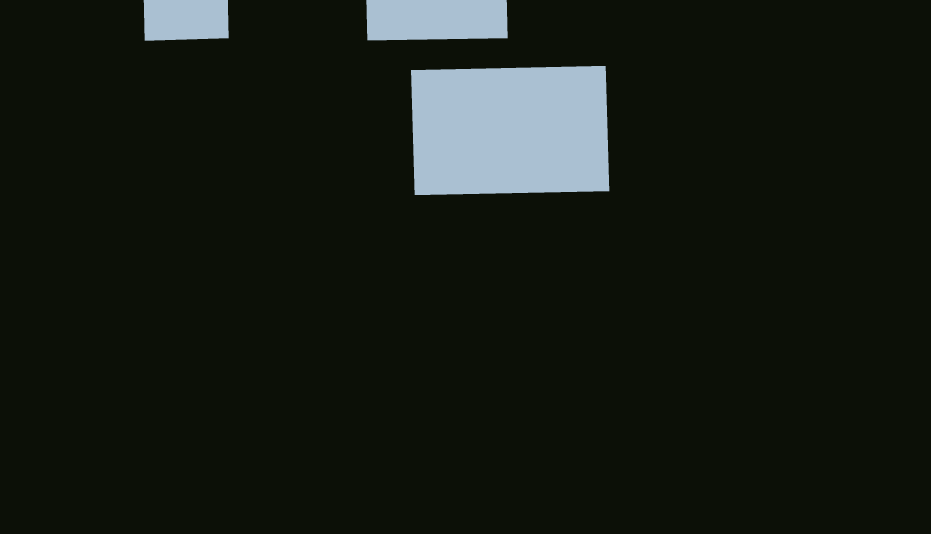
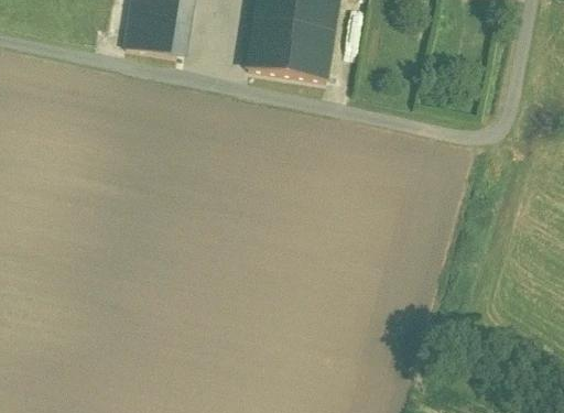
building: [411,65,610,196] -> none

